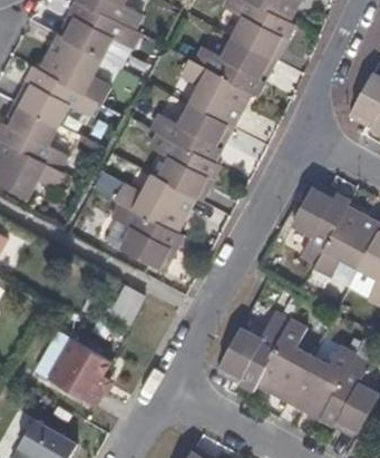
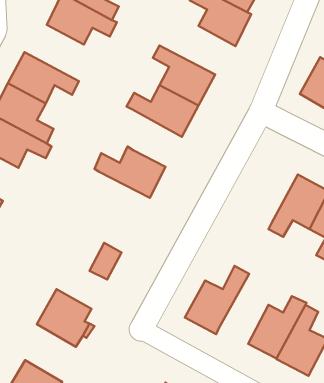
building: [40,35,110,103] -> none
building: [194,36,275,95] -> none
building: [148,131,220,202] -> none
building: [291,182,350,262] -> none
building: [105,203,182,270] -> none
building: [256,319,313,400] -> none

